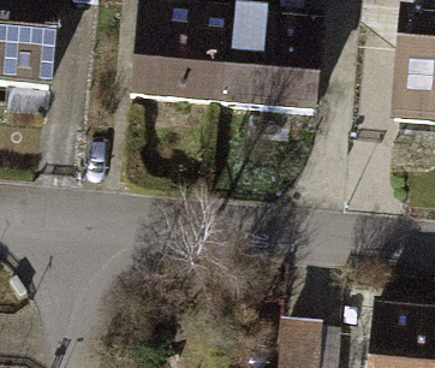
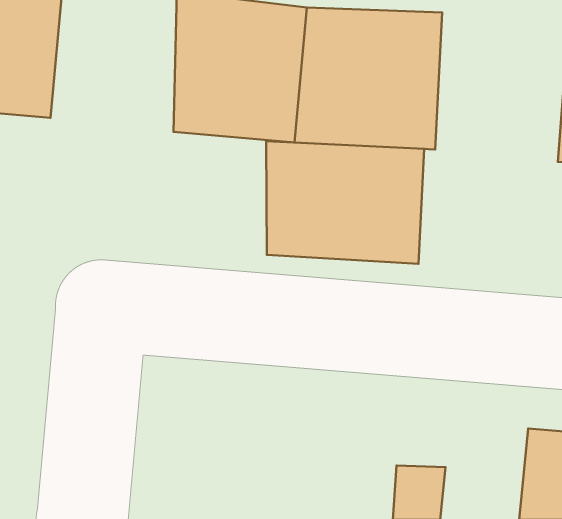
building: none -> [266,141,424,264]

